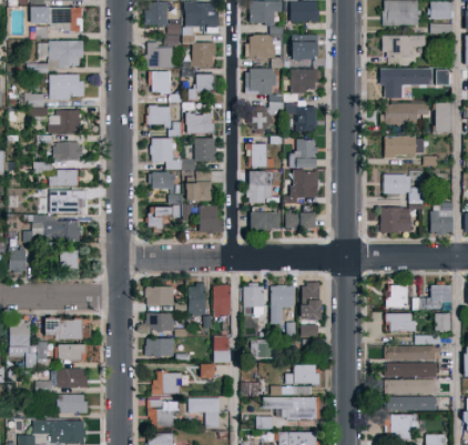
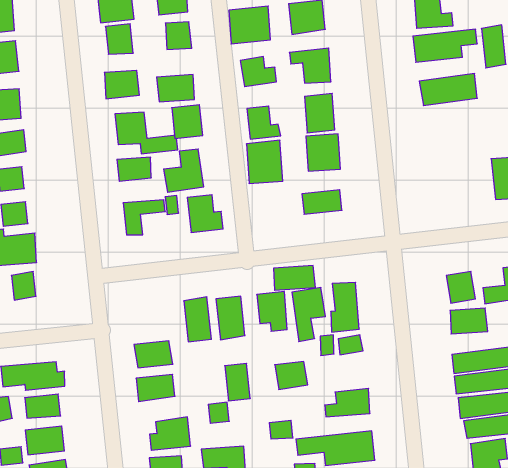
building: [383,174,423,202] -> none
building: [379,208,411,233] -> none
building: [248,212,279,230] -> [274,266,315,290]
building: [145,286,173,306] -> none

